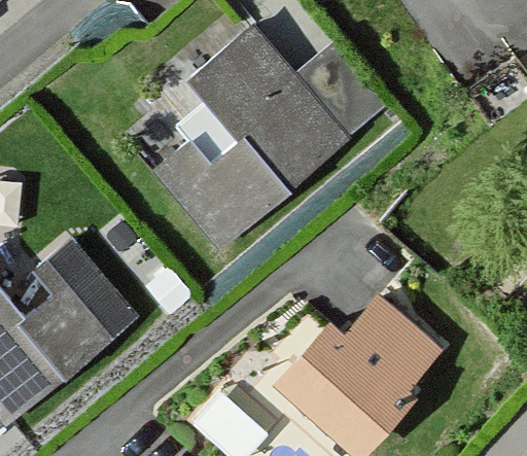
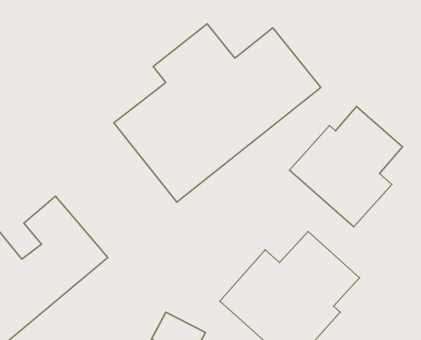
building: none -> [290,106,402,227]

